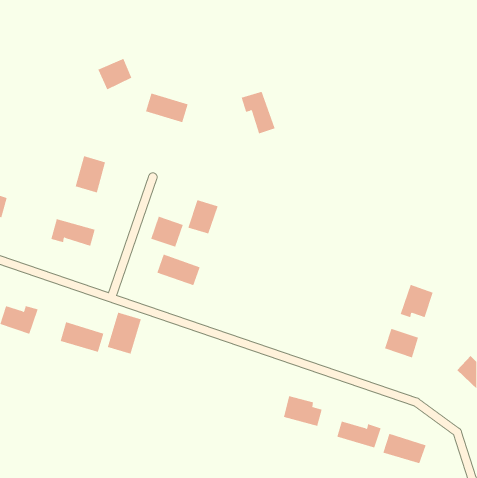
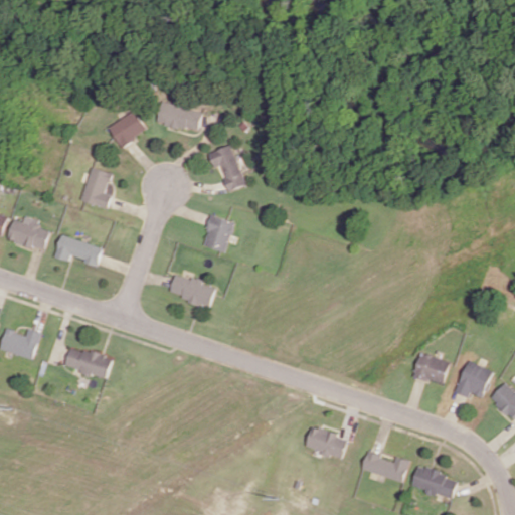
building: [98,58,132,90] -> [108,112,145,146]
building: [241,91,275,134] -> [208,145,245,191]
building: none -> [6,216,49,251]
building: [150,216,184,248] -> none
building: [400,284,433,318] -> [456,361,492,397]
building: [107,312,141,355] -> none

